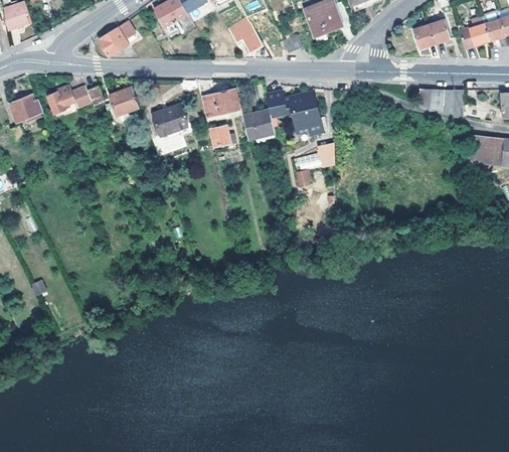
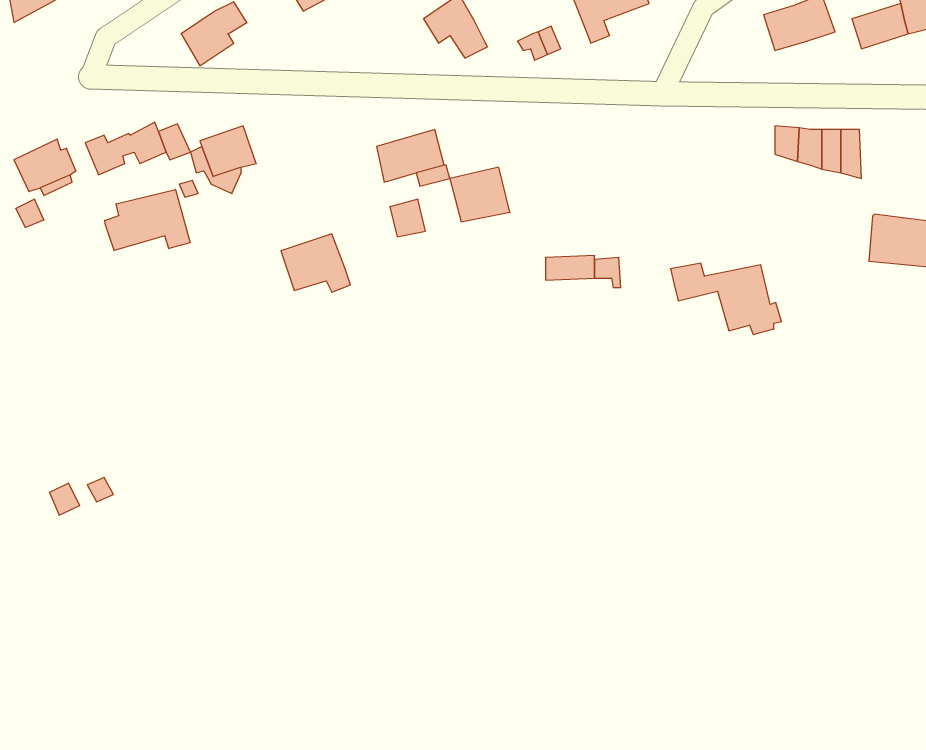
building: [267,98,326,136] -> [671,263,782,335]
building: [152,106,189,137] -> [281,234,350,292]
building: none -> [105,189,190,251]

